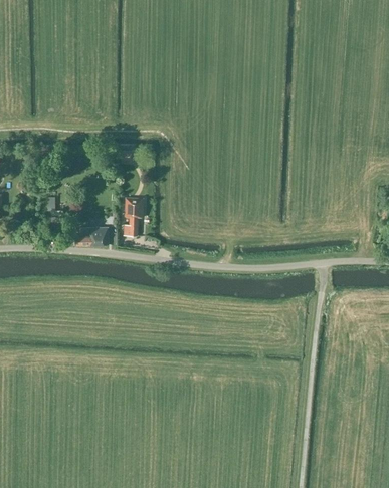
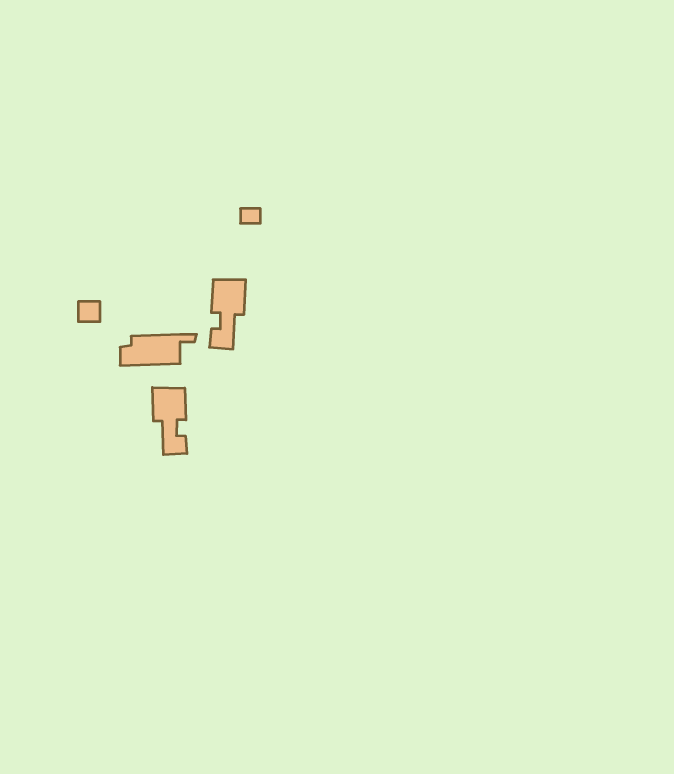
building: none -> [152,387,187,455]

